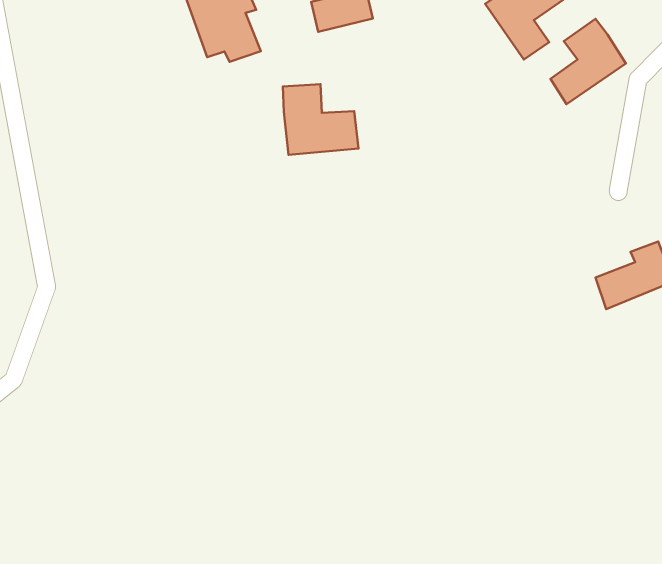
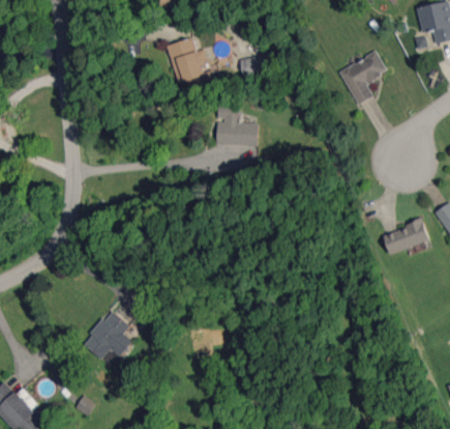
building: [551,19,626,104] -> none
building: none -> [84,310,133,359]

